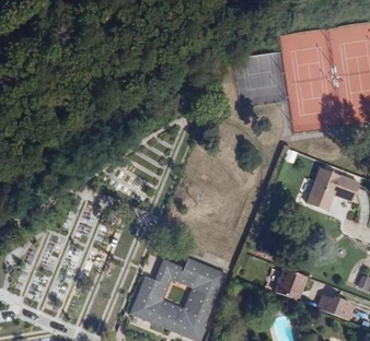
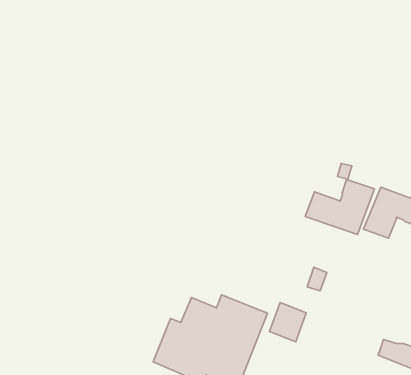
building: none -> [305,179,375,235]
building: [275,267,305,299] -> [269,302,306,342]

